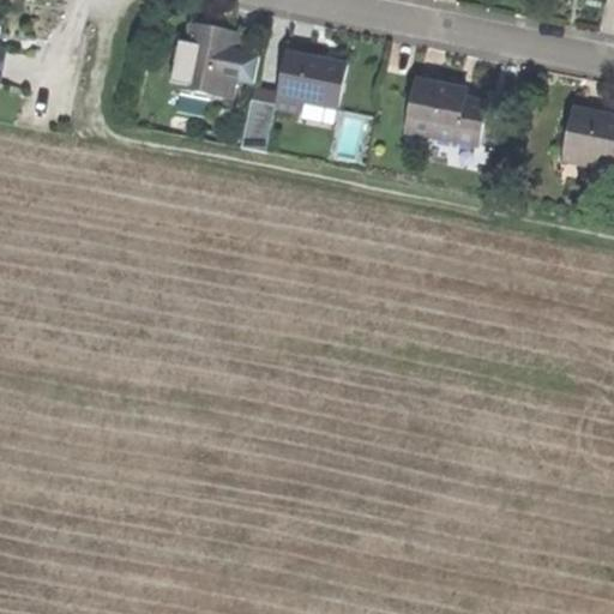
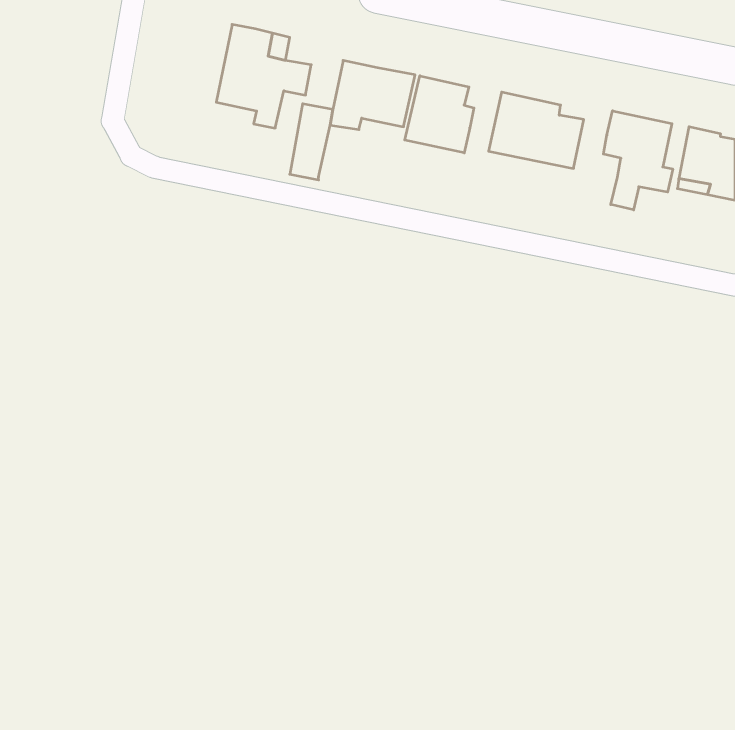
building: none -> [405,76,474,153]
building: none -> [603,111,673,210]

